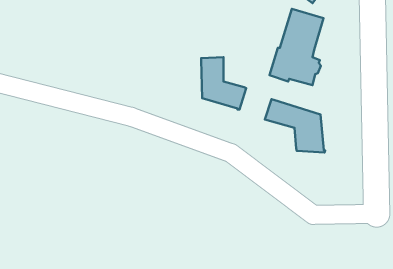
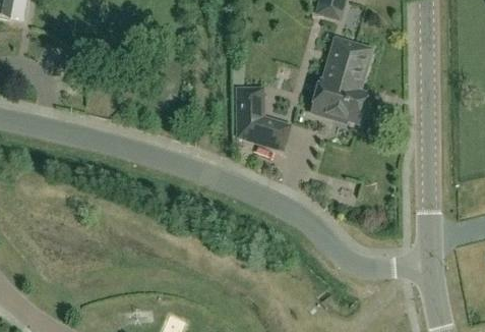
building: [265,99,325,152] -> none

